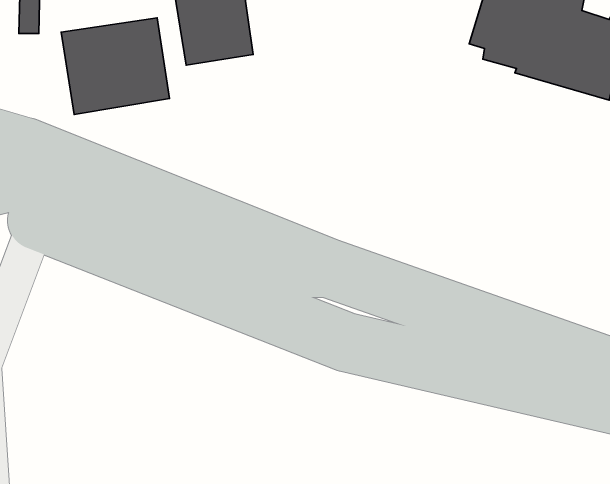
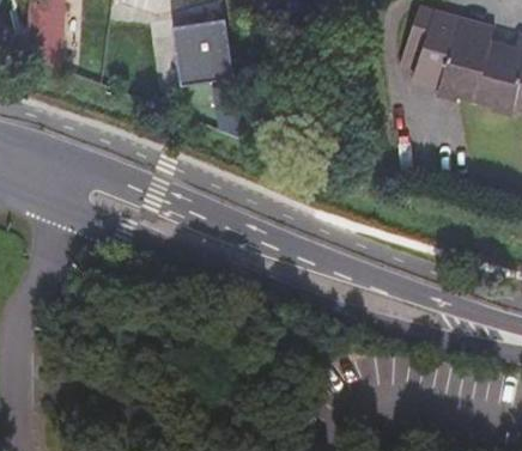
building: [61,18,169,115] -> none

